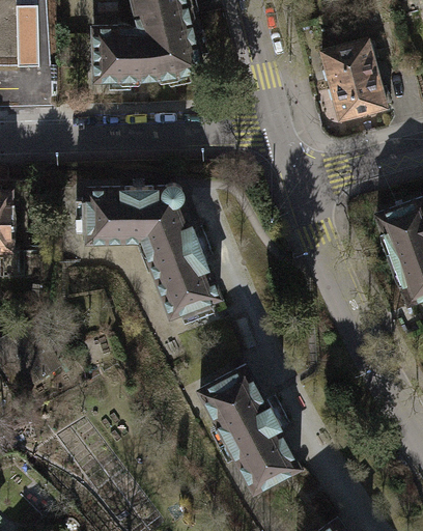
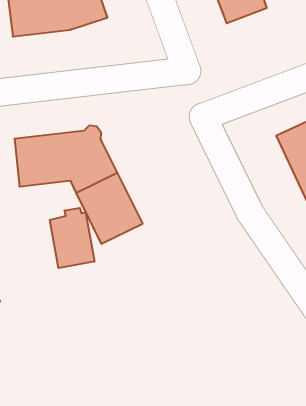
building: [332,75,391,120] -> none
building: none -> [50,208,95,268]
building: [200,367,300,491] -> none

